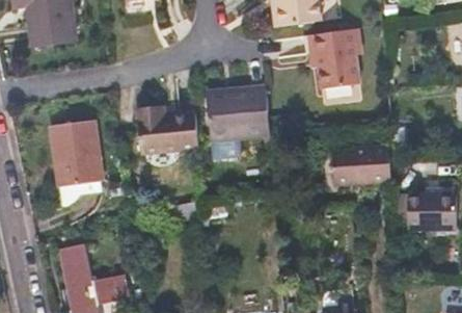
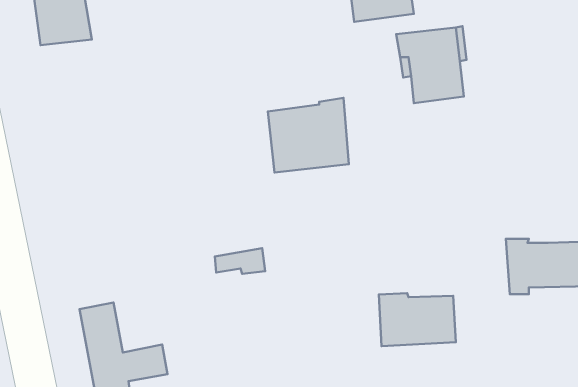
building: [137,106,197,152] -> none
building: [51,119,105,203] -> none
building: [330,146,389,186] -> [379,293,456,346]

